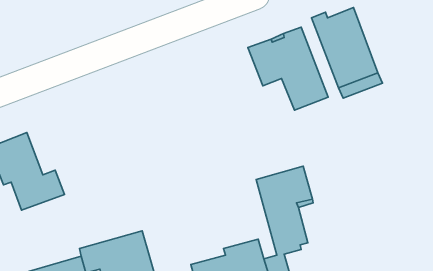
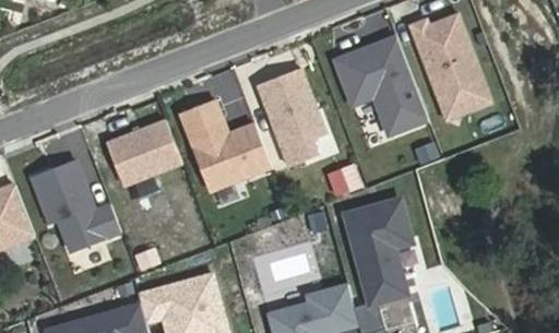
building: none -> [257,68,324,166]
building: none -> [180,100,271,190]
building: none -> [106,120,181,185]

